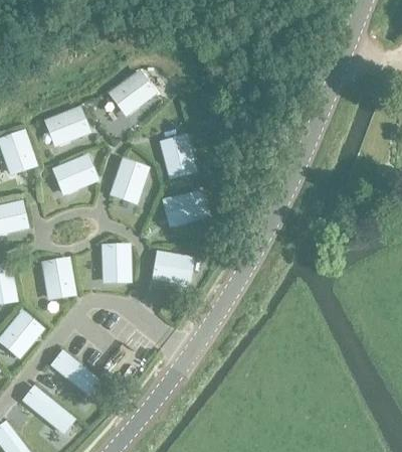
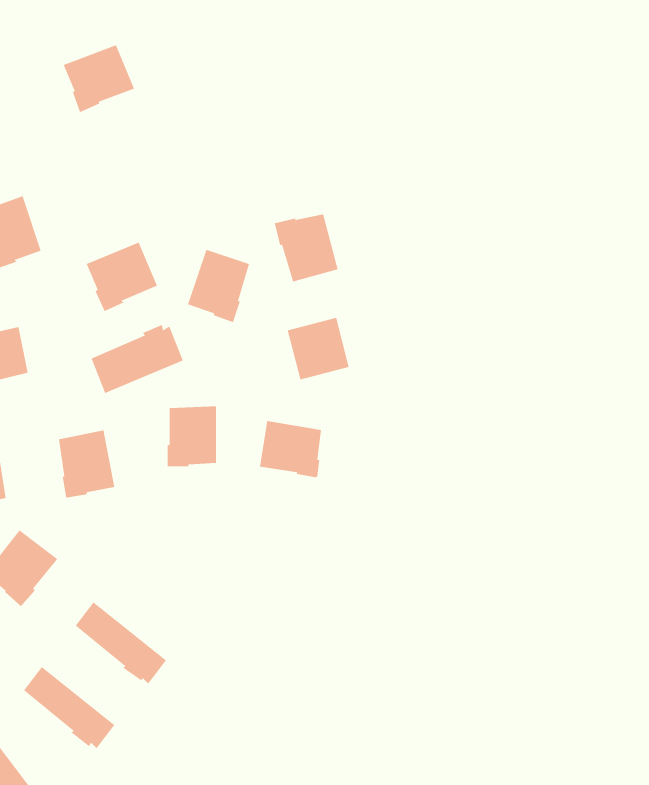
building: [114,71,154,113] -> none
building: [49,108,88,145] -> [63,45,135,113]
building: none -> [91,324,184,394]

